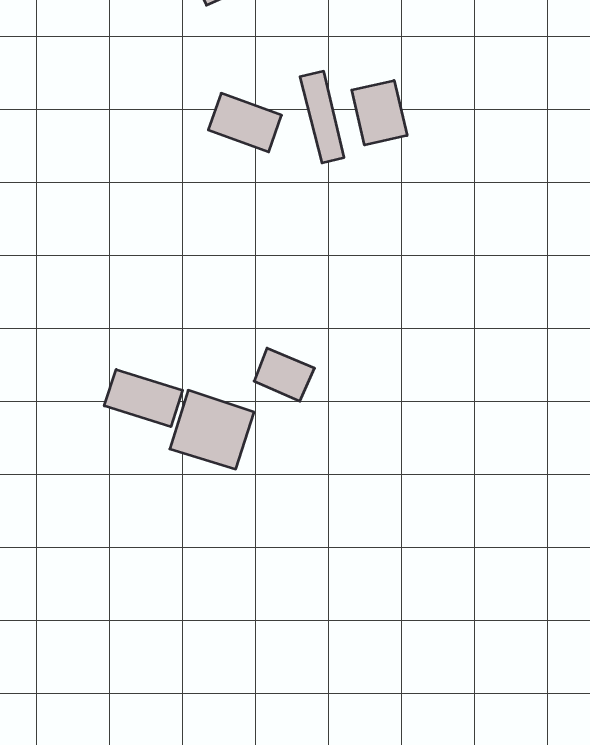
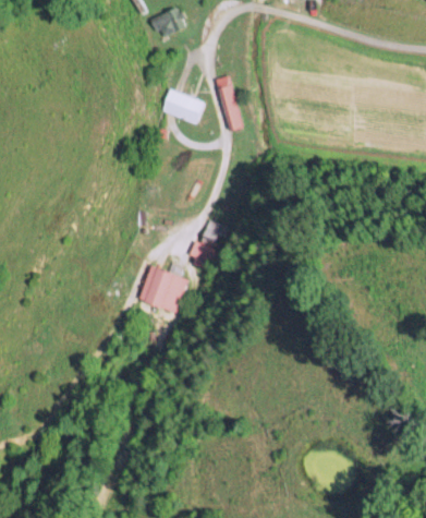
building: [352,80,407,145] -> none
building: [104,369,183,427] -> none

